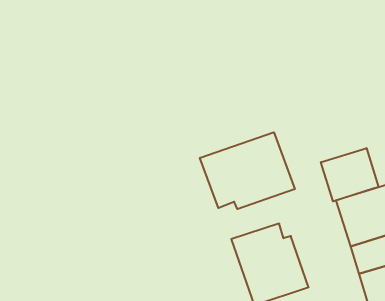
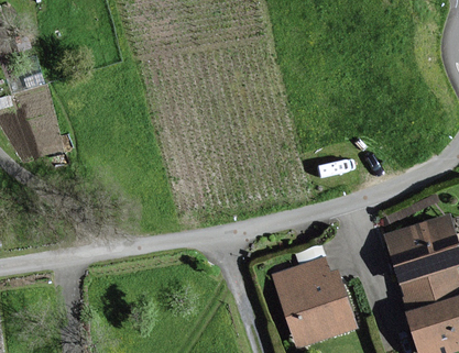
building: [200,132,295,209] -> none
building: [321,148,378,201] -> none

